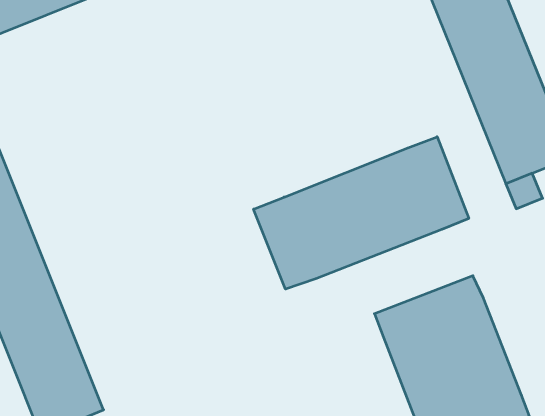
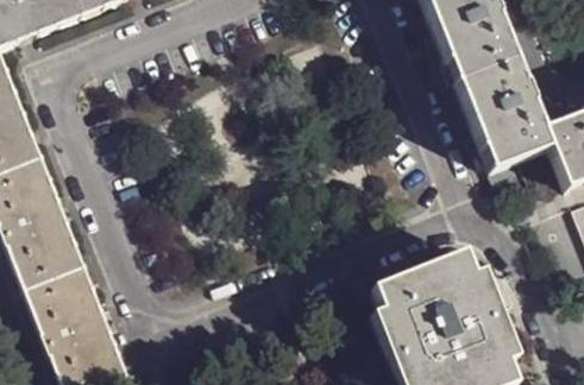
building: [254,137,469,289] -> none

